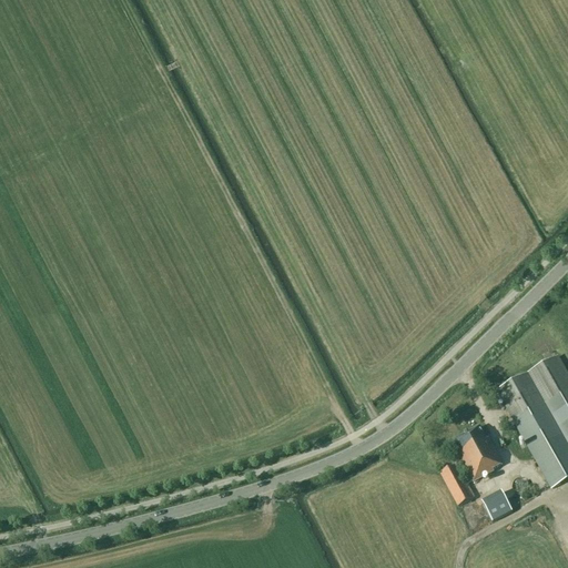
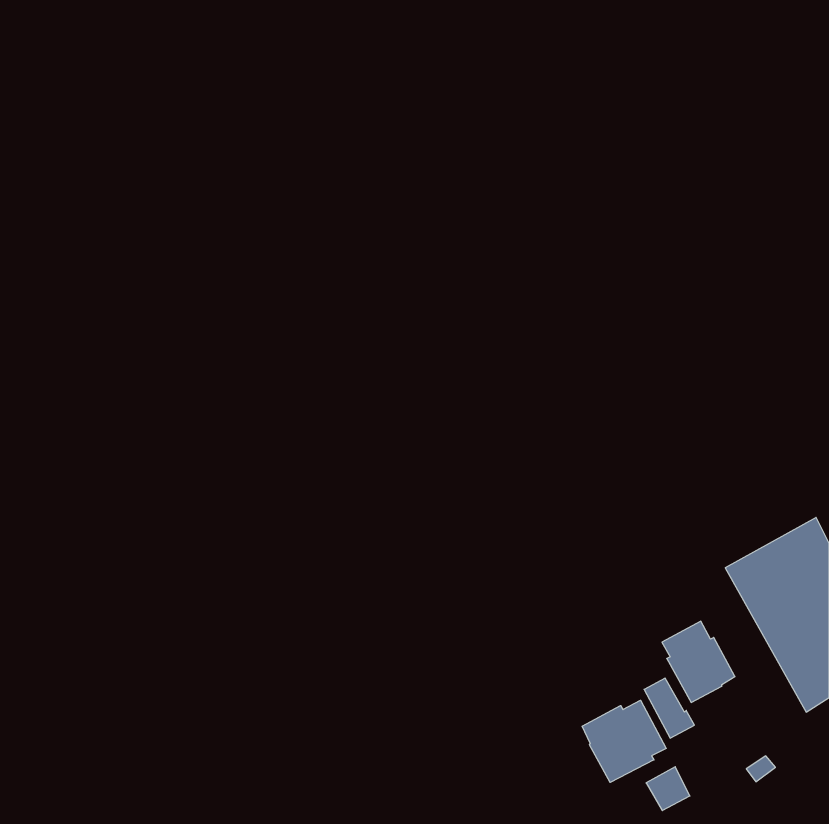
building: none -> [582,700,666,782]
building: [481,490,511,520] -> [646,767,690,811]

